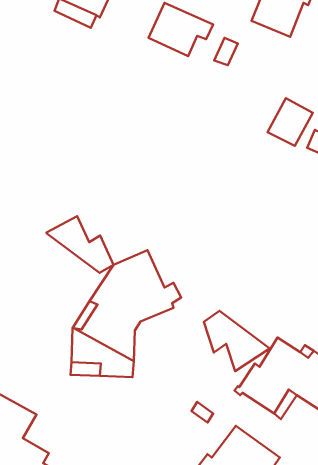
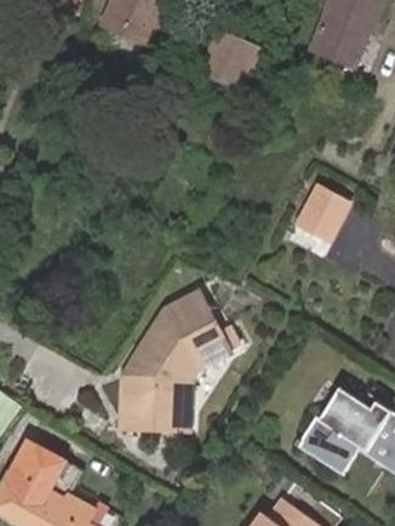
building: [268,98,313,146] -> [298,187,347,238]
building: [47,216,113,273] -> none
building: [204,311,269,371] -> none

